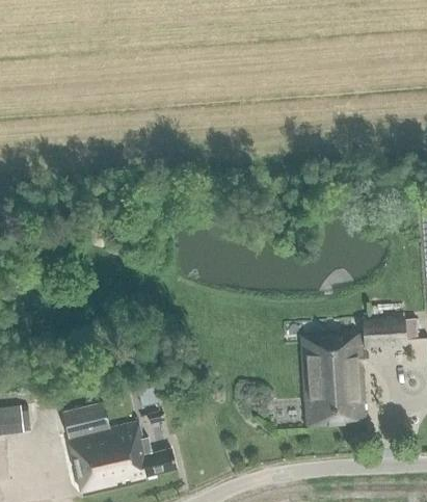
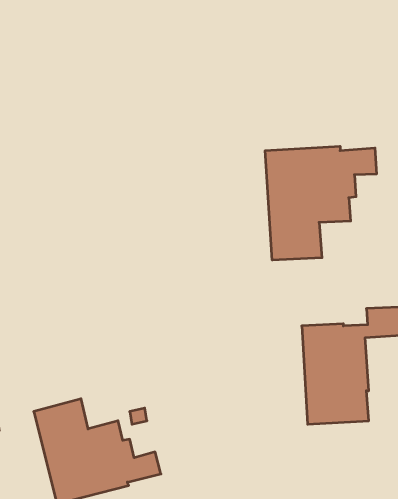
building: none -> [265,146,376,260]

